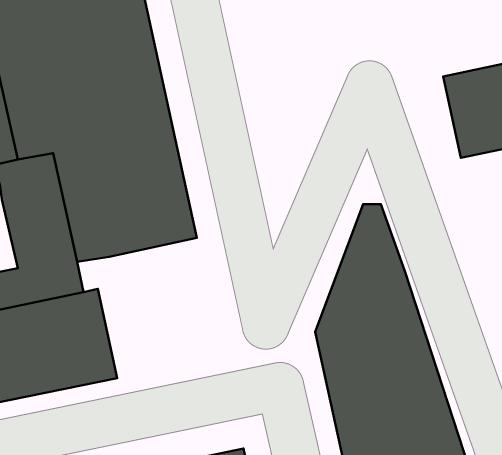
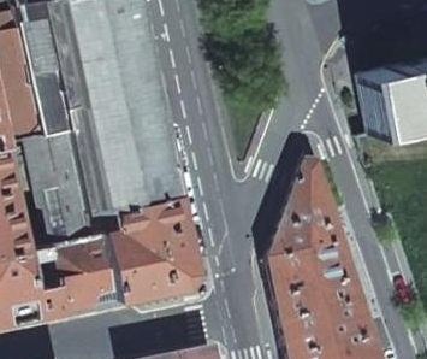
building: none -> [106,192,198,298]

